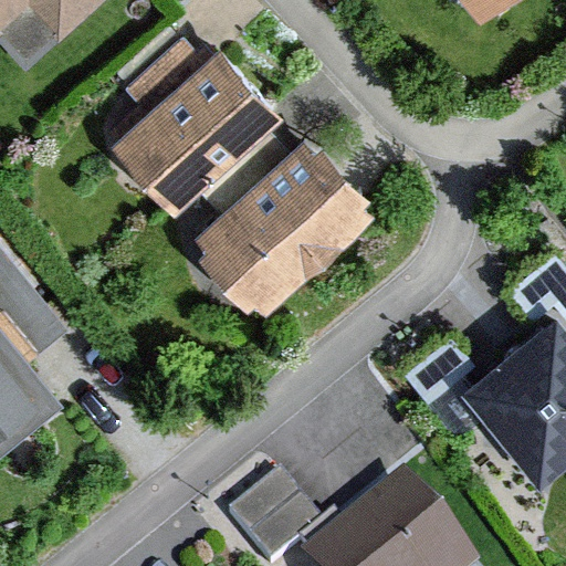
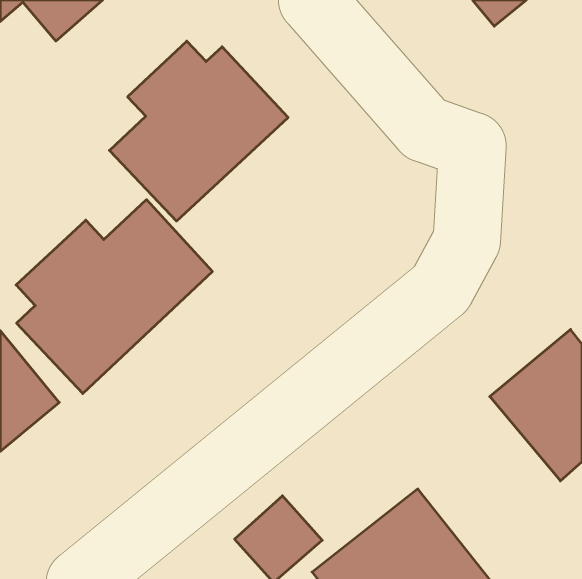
building: [189,137,368,315] -> none
building: none -> [16,200,212,394]

